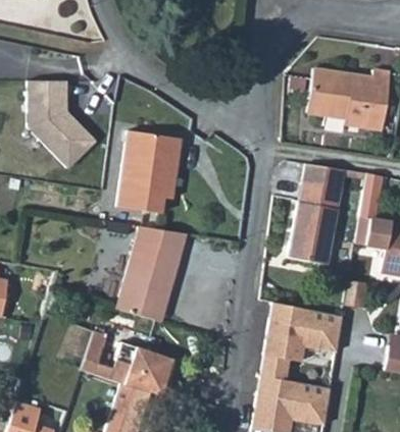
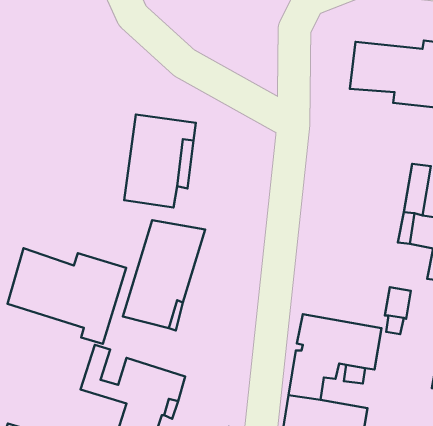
building: [27,80,96,169] -> none
building: [289,163,346,265] -> none
building: none -> [7,248,126,344]

